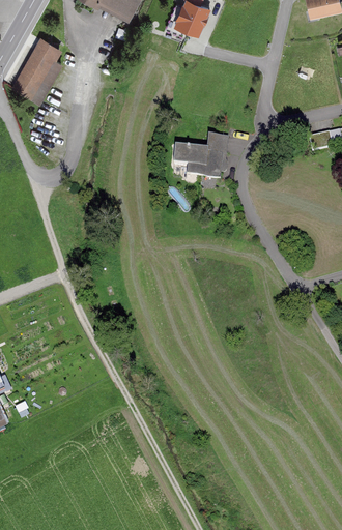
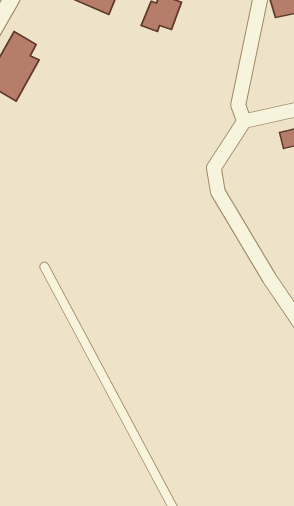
building: [171,137,228,180] -> none

